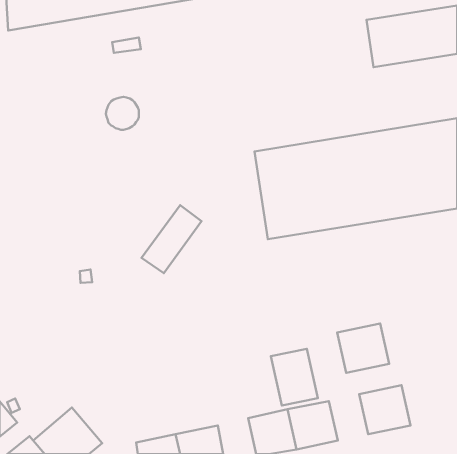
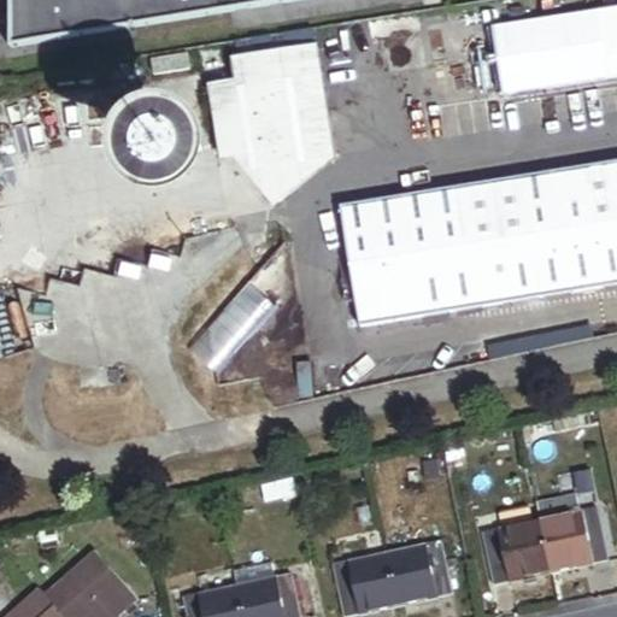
building: none -> [206,45,334,206]
building: [337,324,389,373] -> [540,506,610,572]
building: [271,349,318,405] -> none

